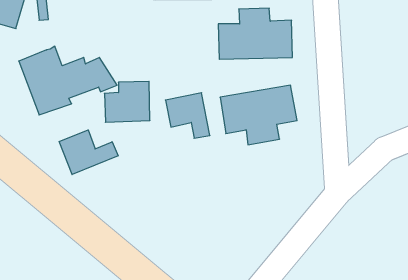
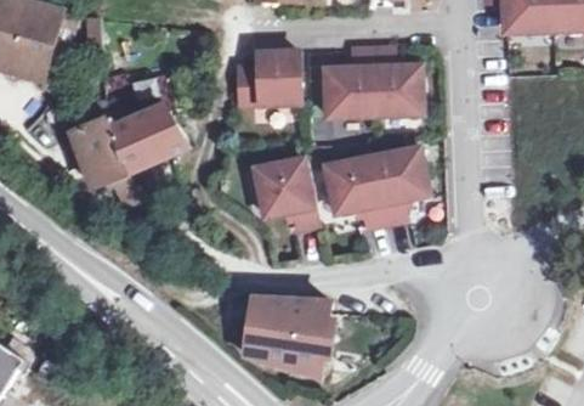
building: [104,81,150,122] -> [239,50,299,103]
building: [59,130,118,175] -> none
building: none -> [240,298,333,378]

